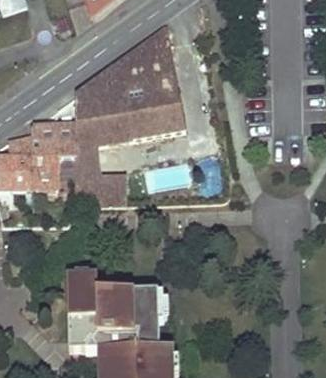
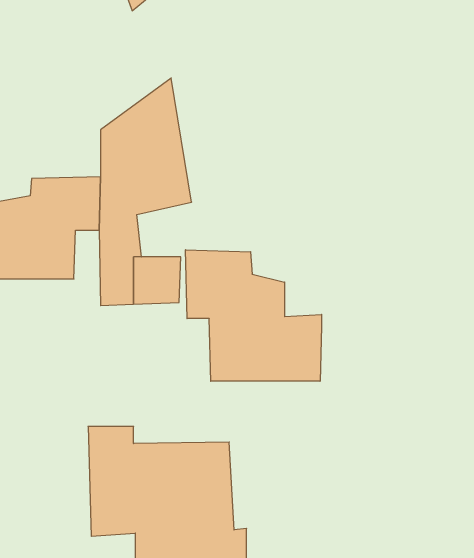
building: [119,19,184,134] -> none
building: none -> [186,250,322,381]

